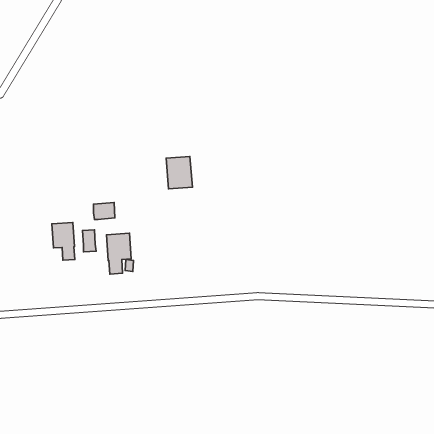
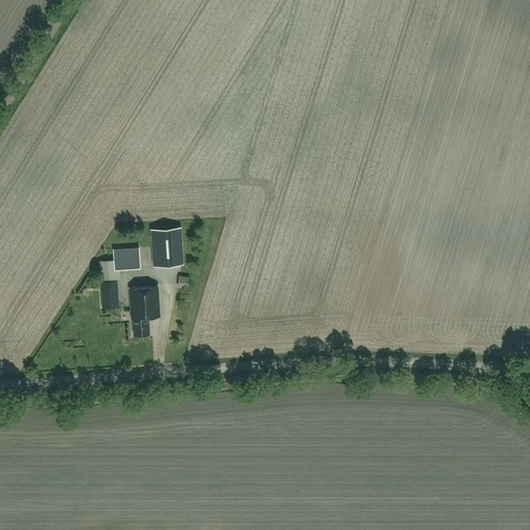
building: [166,157,192,189] -> [149,231,181,270]
building: [52,223,75,260] -> none

